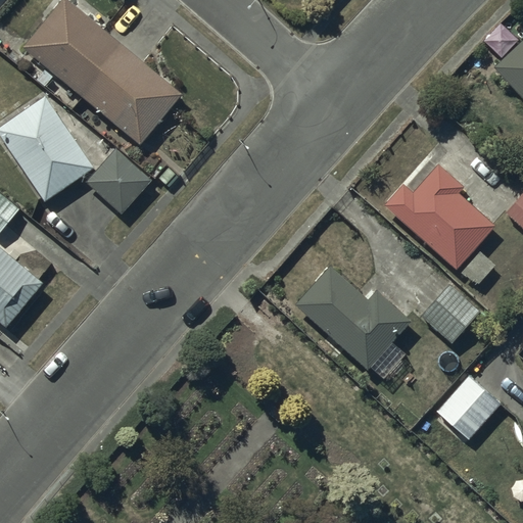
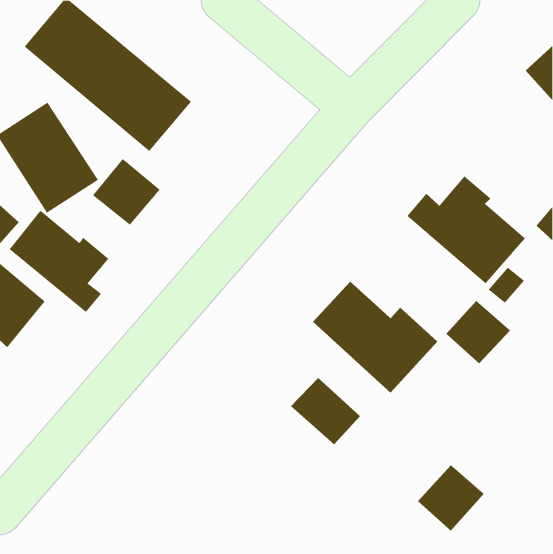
building: none -> [9,210,109,313]
building: none -> [290,377,361,445]
building: [437,376,501,439] -> [417,464,485,532]

